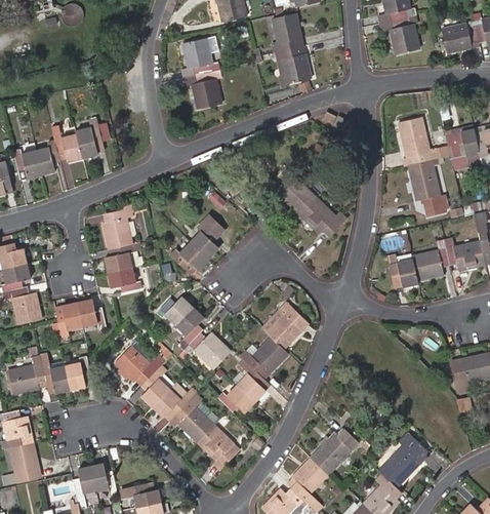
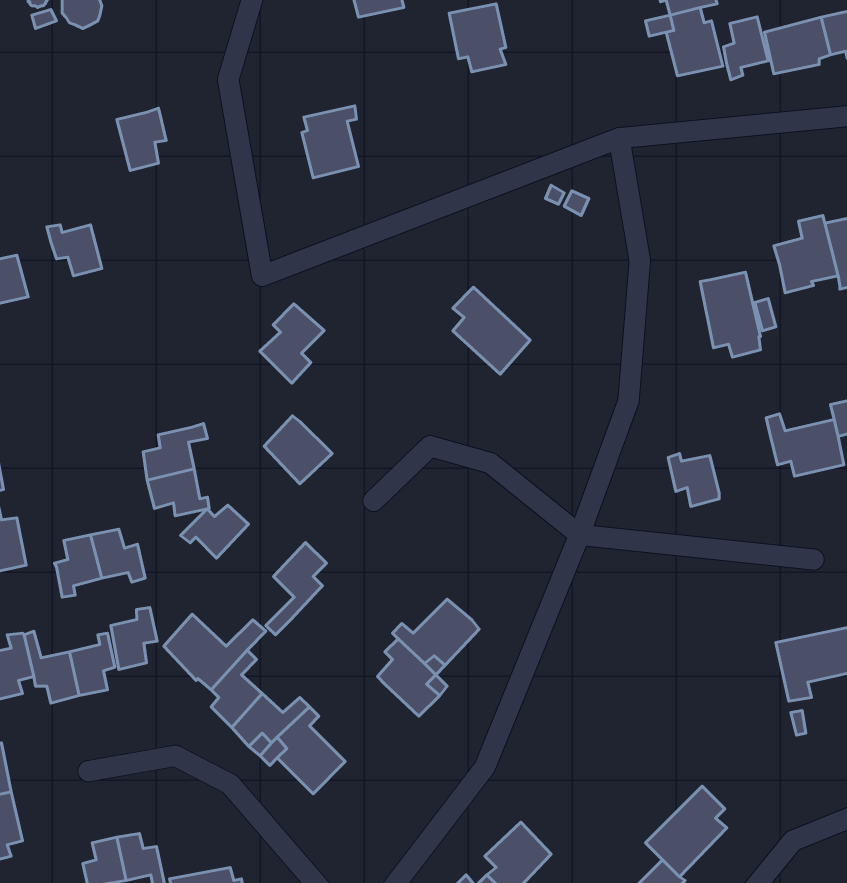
building: none -> [724,17,768,80]
building: [180,39,219,76] -> none
building: [275,47,311,84] -> none
building: [398,117,450,164] -> none
building: [75,124,101,158] -> [117,108,166,171]
building: [36,144,58,173] -> none
building: [298,197,345,237] -> none
building: [103,209,131,249] -> none
building: [190,215,224,259] -> [260,304,324,383]
building: [411,248,449,280] -> none
building: [156,296,193,325] -> [181,505,249,558]
building: [259,304,307,349] -> none
building: [185,331,231,369] -> none
building: none -> [111,607,157,669]
building: [217,384,254,411] -> none
building: [197,426,239,471] -> none
building: [310,429,358,476] -> none

